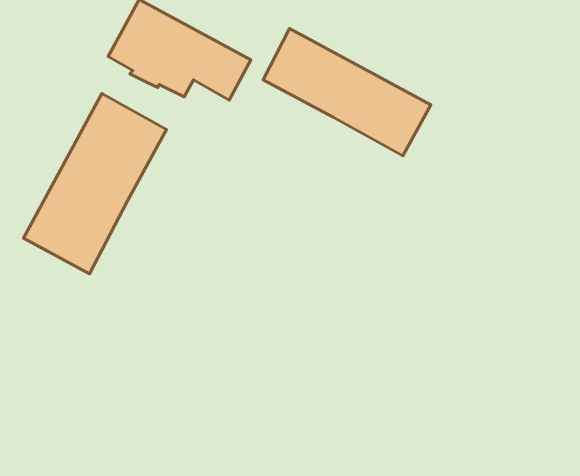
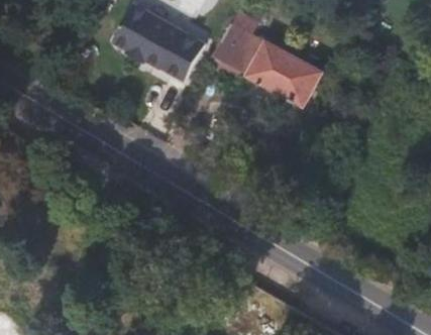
building: [23,93,166,274] -> none

